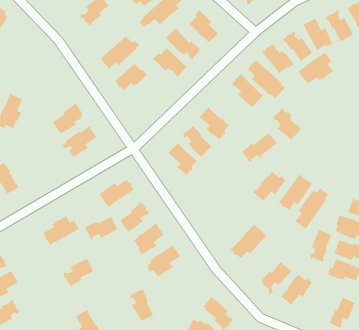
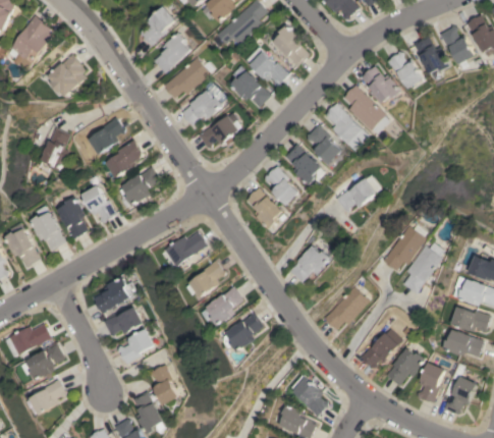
building: none -> [154,32,190,73]
building: none -> [47,53,87,96]
building: [298,52,334,84] -> none
building: none -> [198,115,239,148]
building: none -> [89,116,125,154]
building: [273,107,302,141] -> [308,123,343,164]
building: none -> [80,184,116,222]
building: none -> [56,197,88,238]
building: [252,171,287,201] -> [288,244,330,282]
building: [84,216,118,240] -> [104,307,146,336]
building: [310,229,332,262] -> [417,362,444,402]
building: [130,289,154,322] -> [153,364,182,404]

